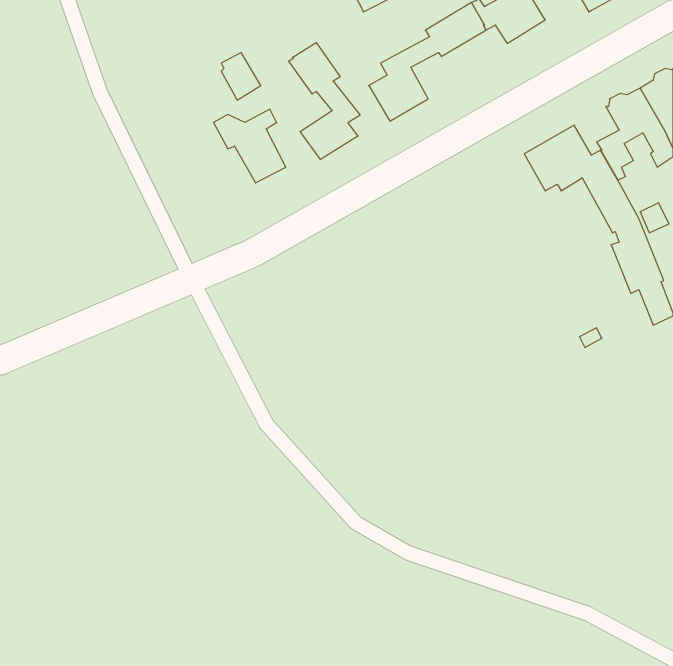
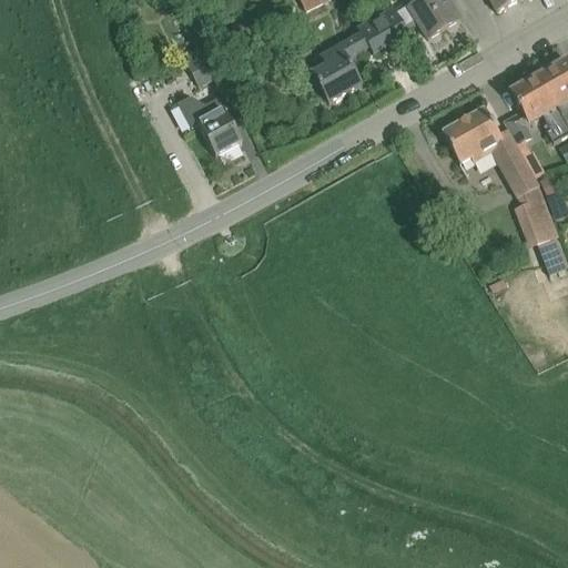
building: [289,43,360,159] -> none

